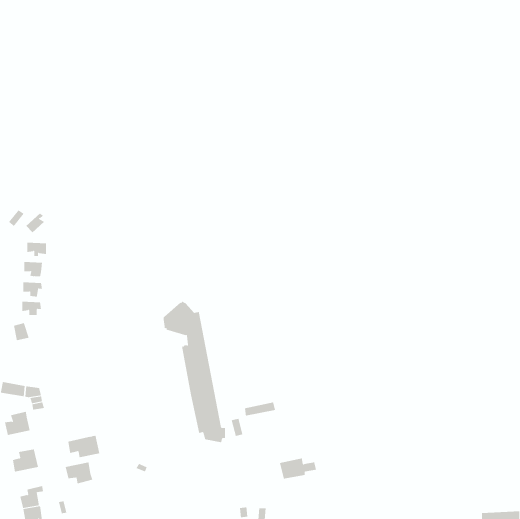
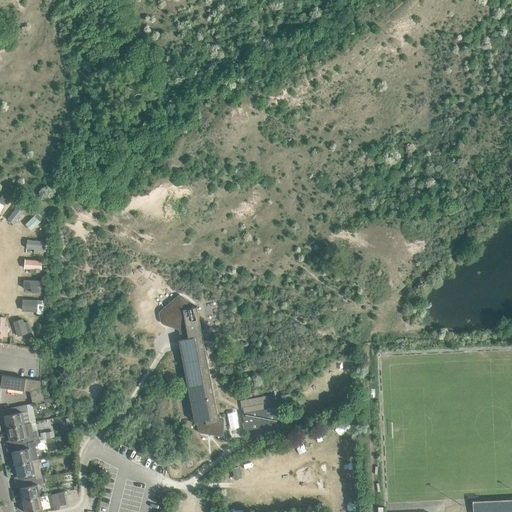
building: [68,435,100,458] -> [7,423,39,445]
building: [279,458,317,479] -> [242,410,279,431]
building: [65,462,93,484] -> [14,460,42,482]

